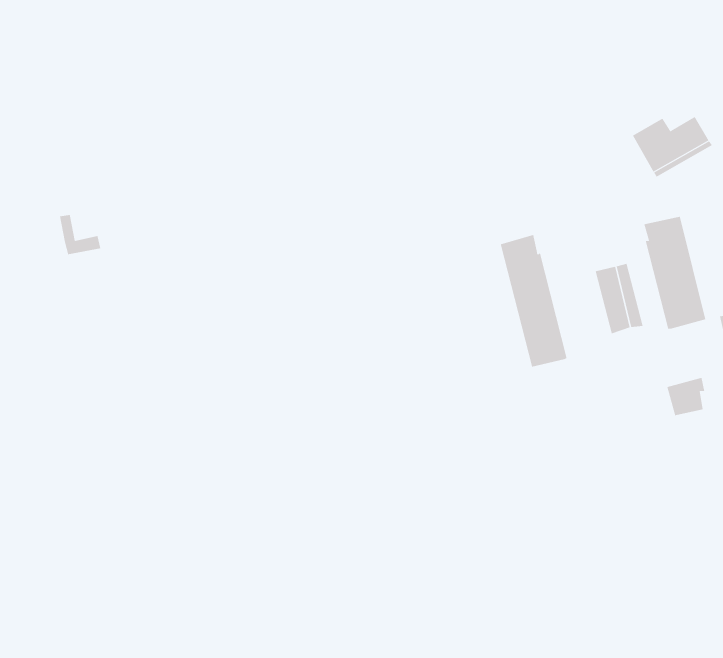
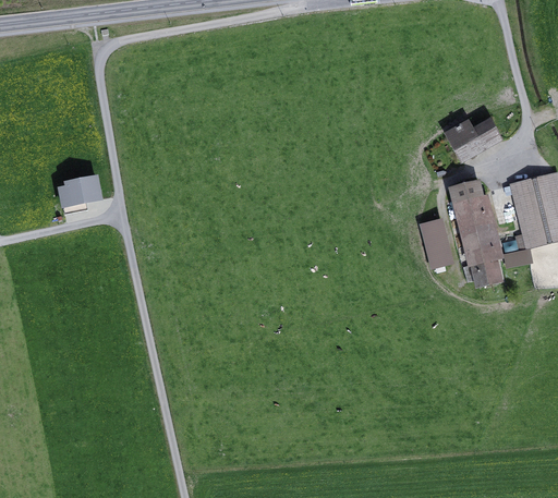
building: none -> [65,175,100,203]
building: [500,234,567,367] -> none
building: [667,377,705,416] -> [472,256,498,282]

